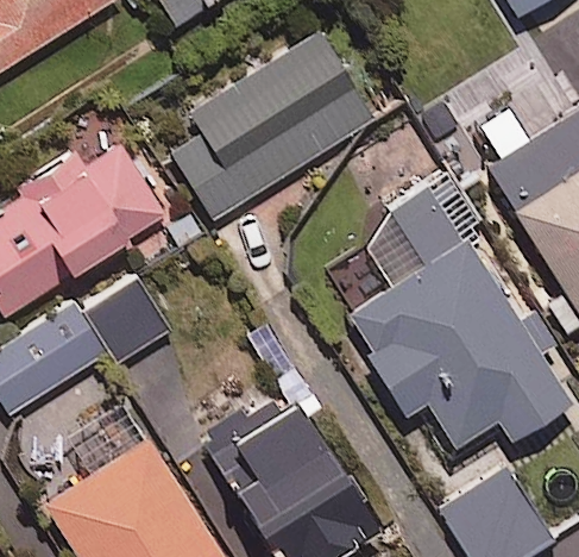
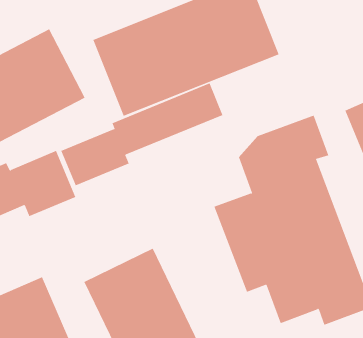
building: none -> [61,83,223,186]

